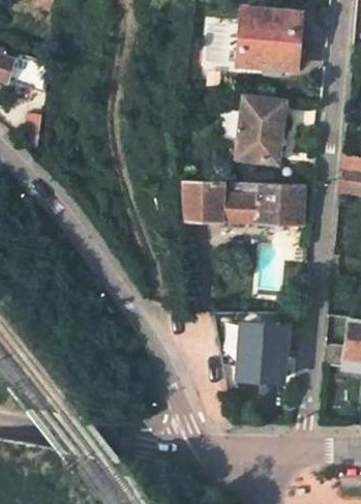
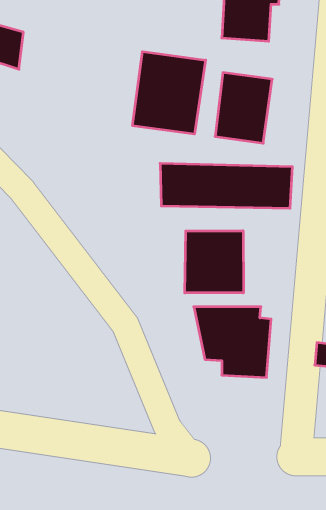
building: none -> [133,52,206,134]
building: none -> [185,231,243,293]

